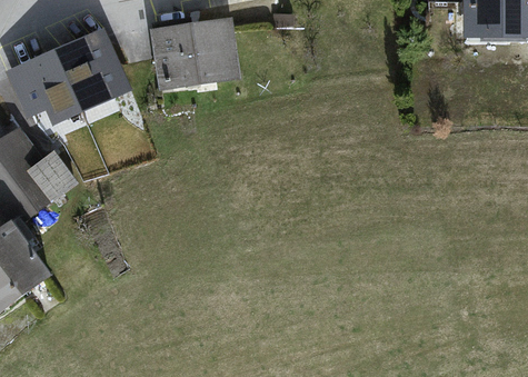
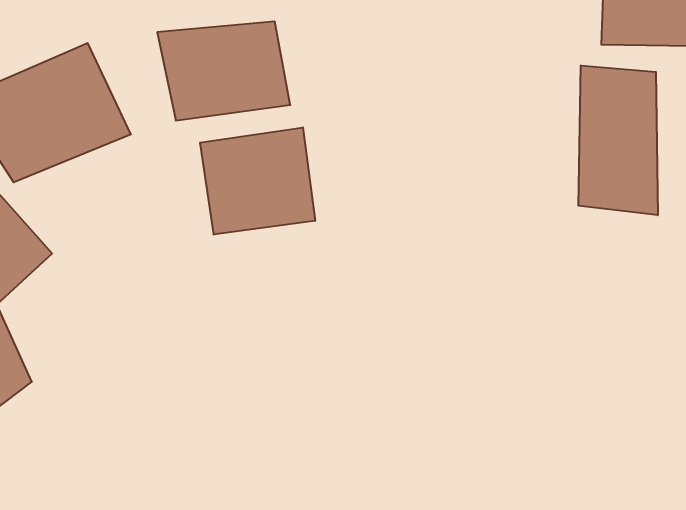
building: none -> [578,65,658,215]
building: none -> [200,127,315,235]

